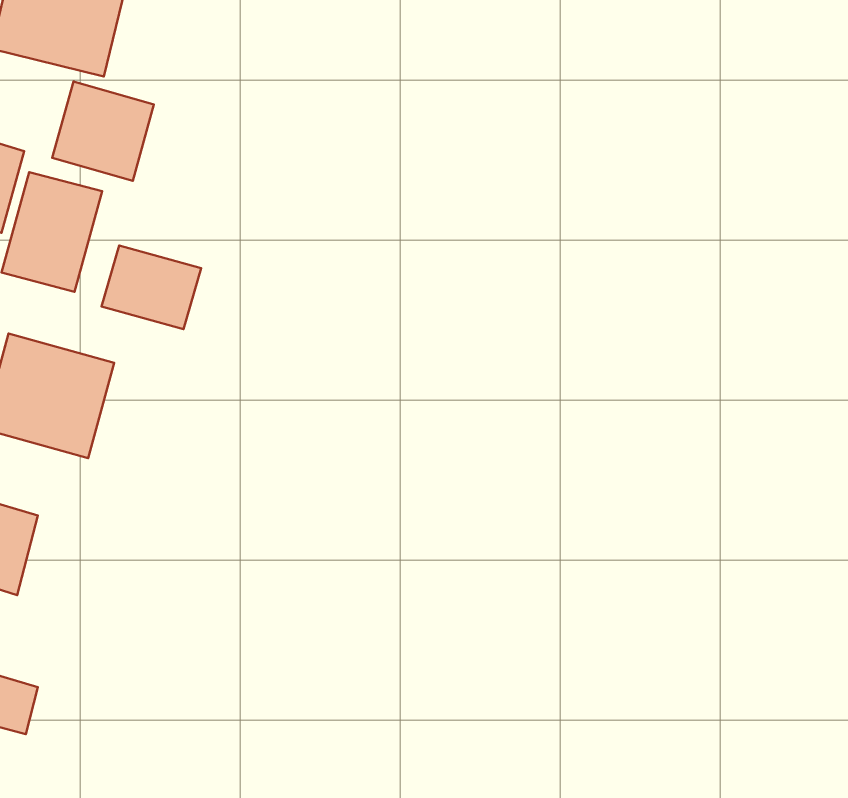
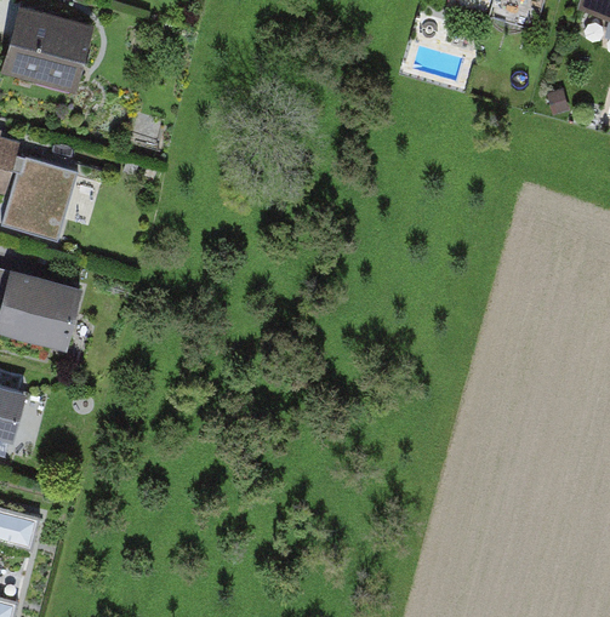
building: [52,81,154,181] -> none
building: [102,245,201,329] -> none

